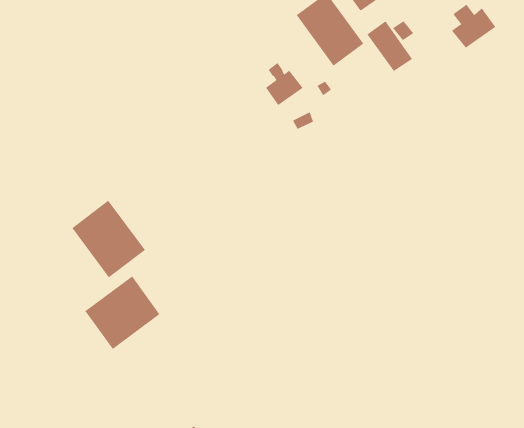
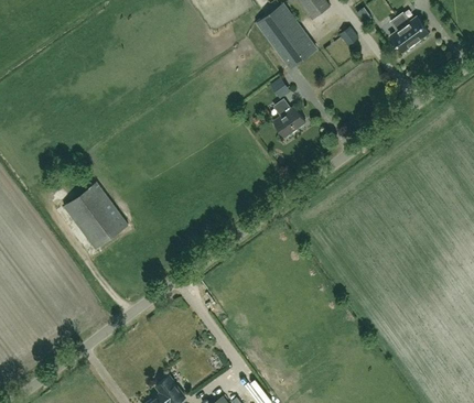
building: [265,62,304,106] -> [272,99,305,137]
building: [84,275,160,350] -> none

